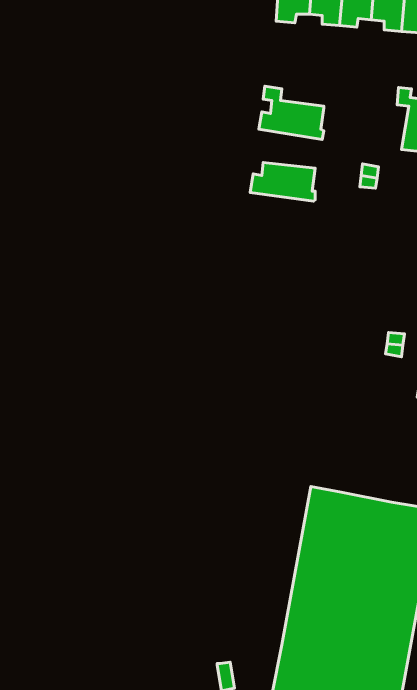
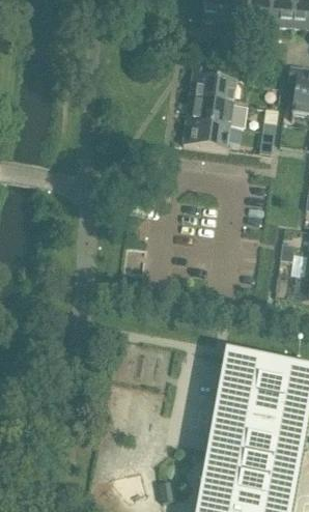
building: none -> [187,93,234,121]

